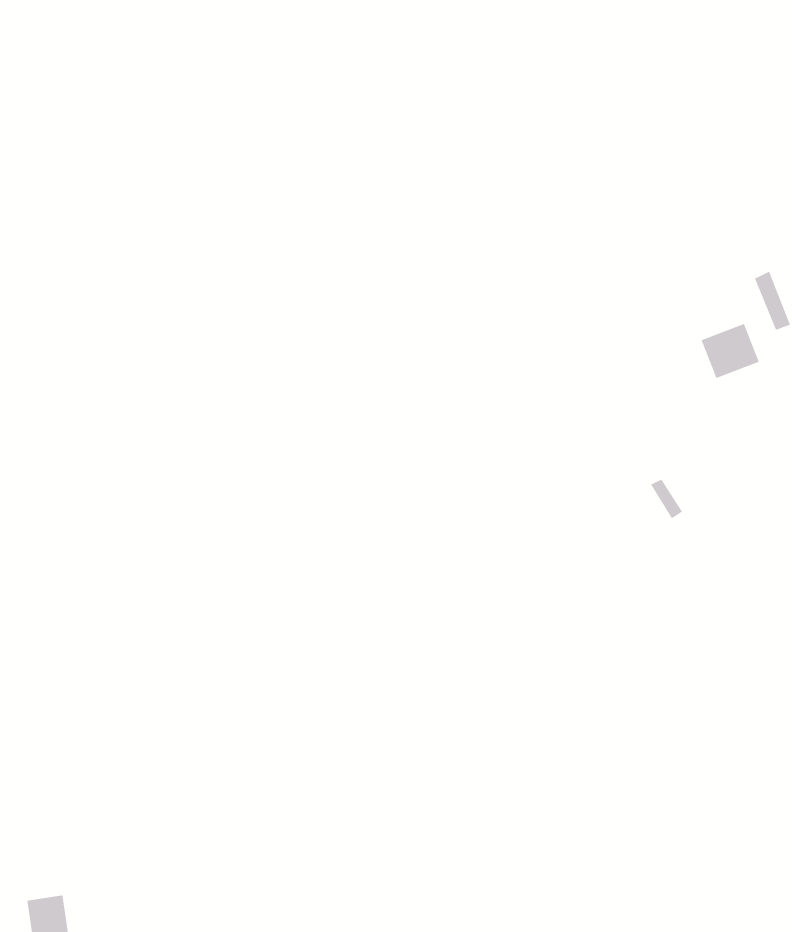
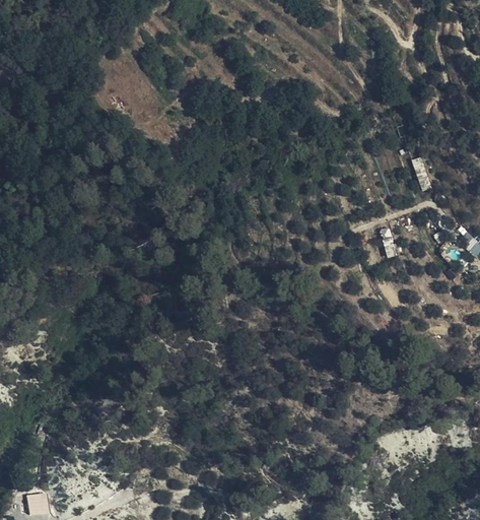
building: [701,323,760,379] -> none

